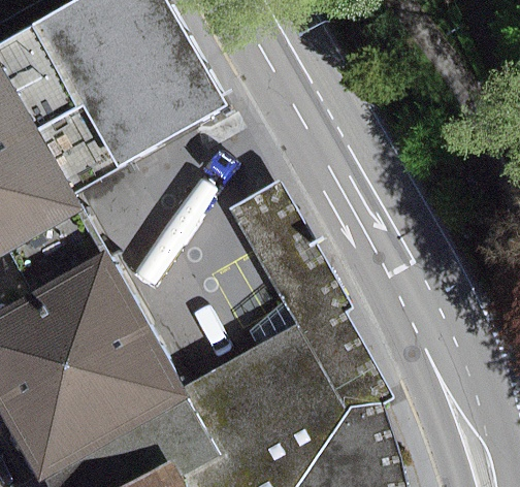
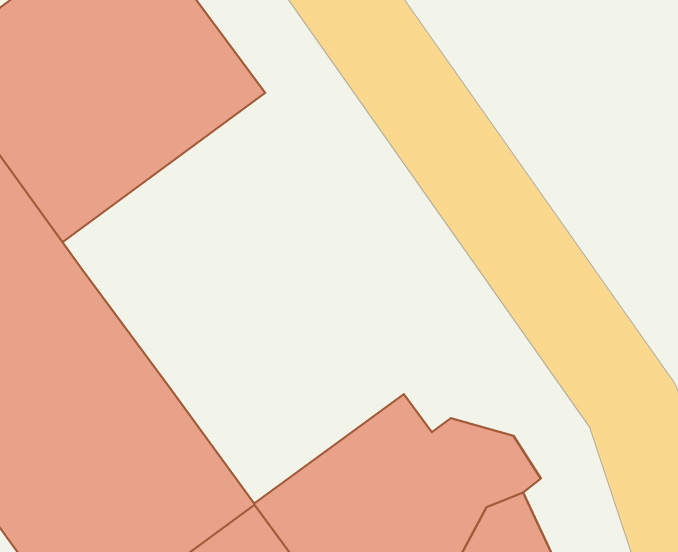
building: [225,174,368,364] -> none

